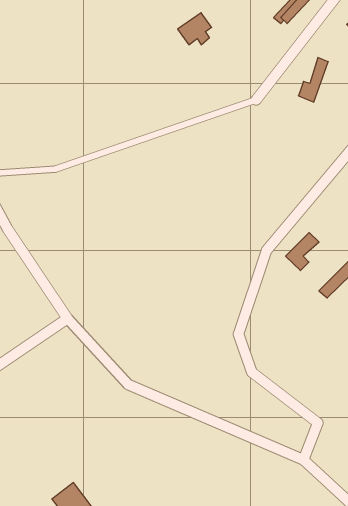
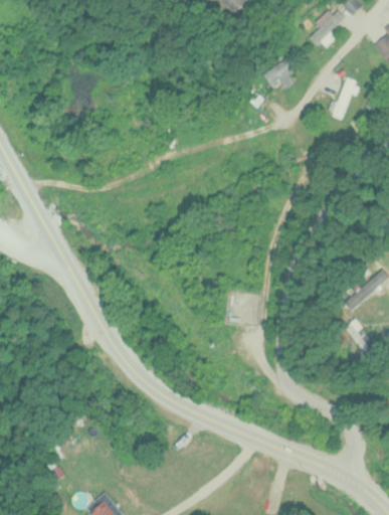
building: [178,13,212,45] -> [261,57,295,89]
building: [286,233,319,271] -> none

